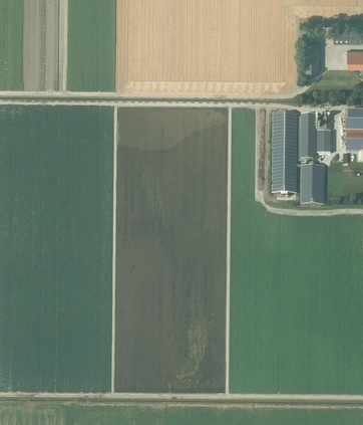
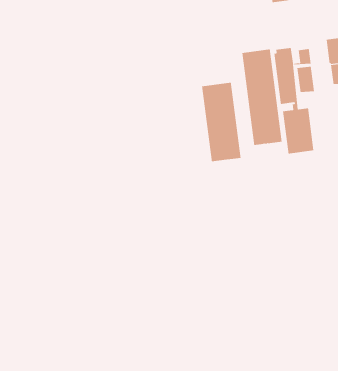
building: none -> [202,82,241,162]

